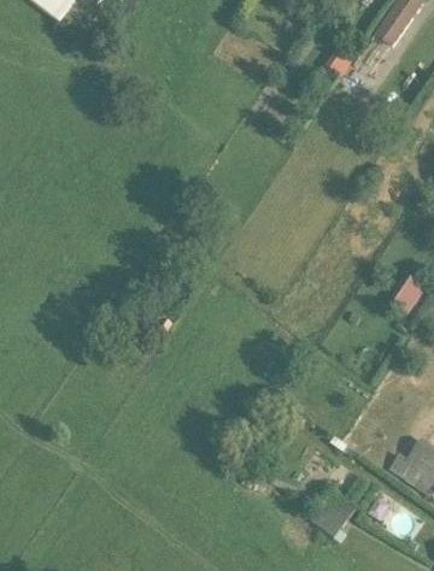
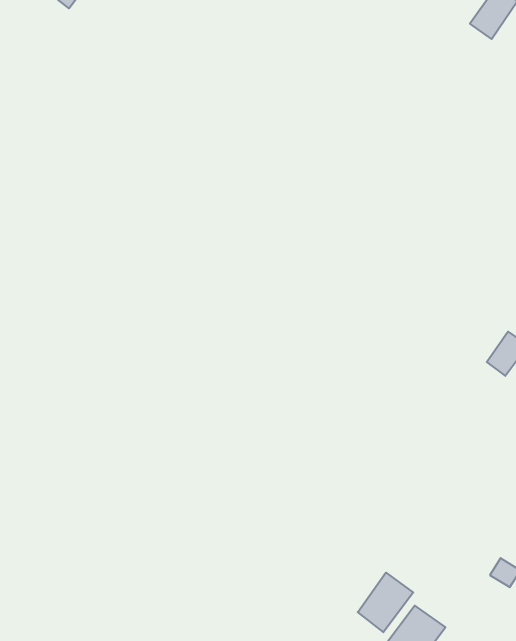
building: none -> [358,573,413,632]

